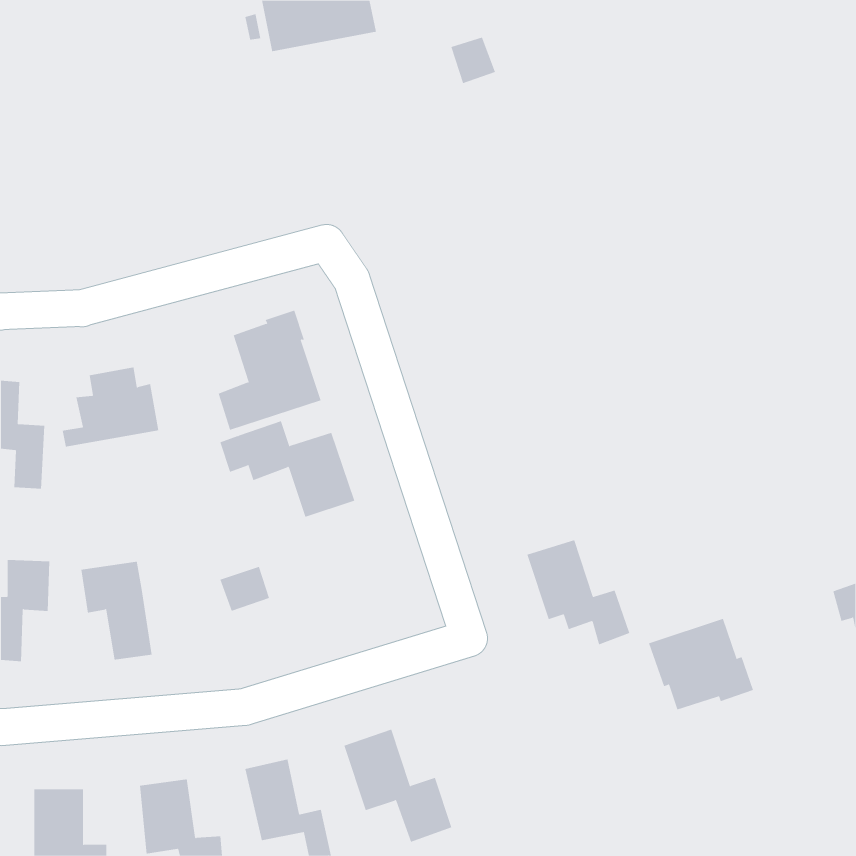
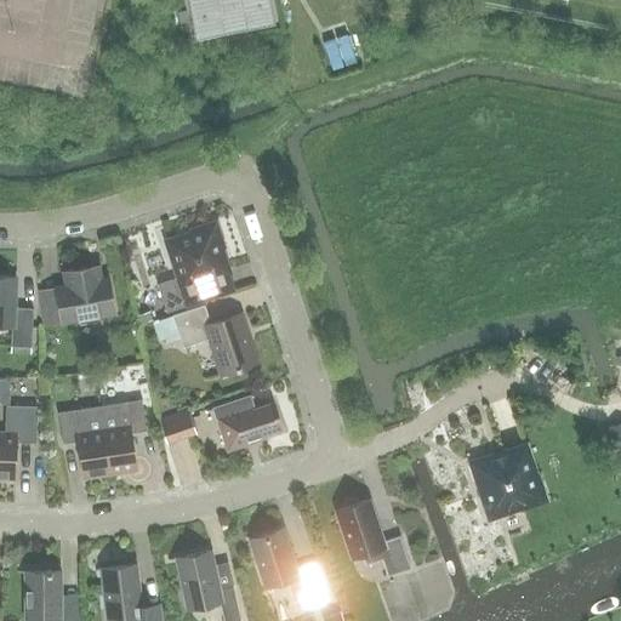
building: [526,540,630,645] -> [335,500,410,576]
building: none -> [212,392,280,450]
building: none -> [99,399,146,474]

